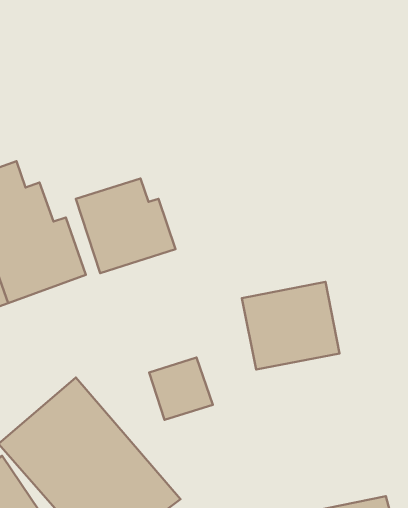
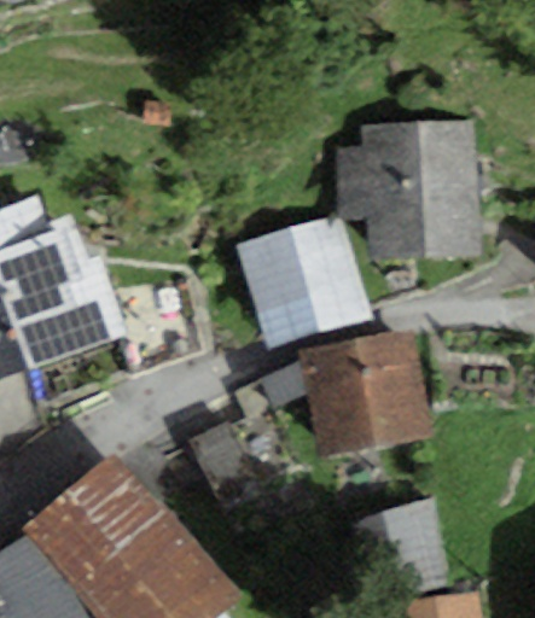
building: none -> [344,124,476,250]
building: [76,179,176,273] -> [248,225,367,338]
building: none -> [360,503,440,594]

